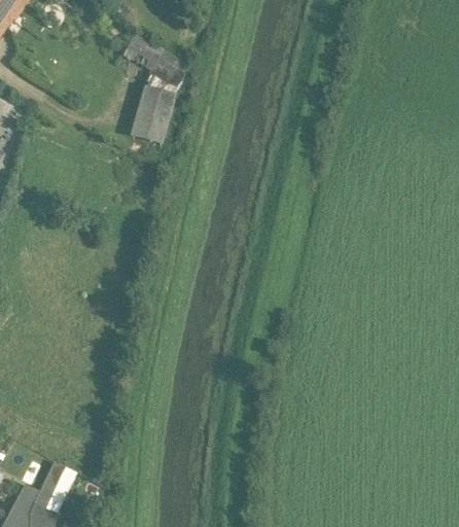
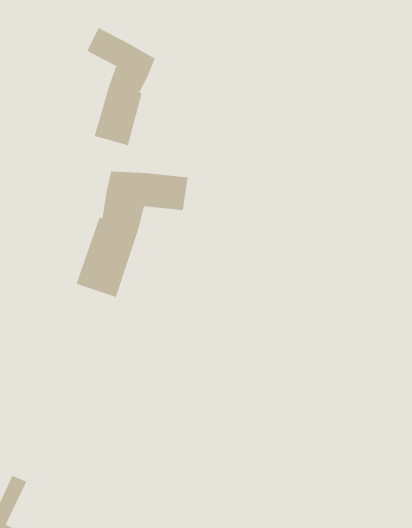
building: none -> [76,171,188,298]

